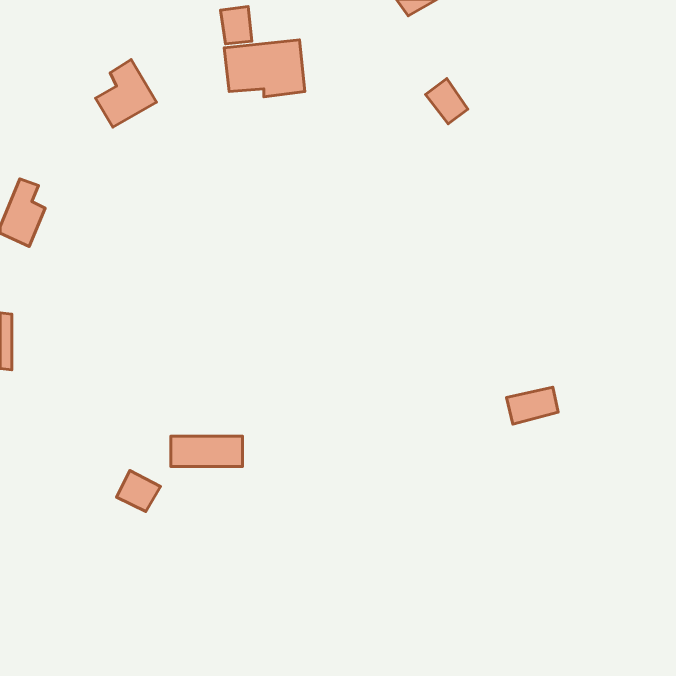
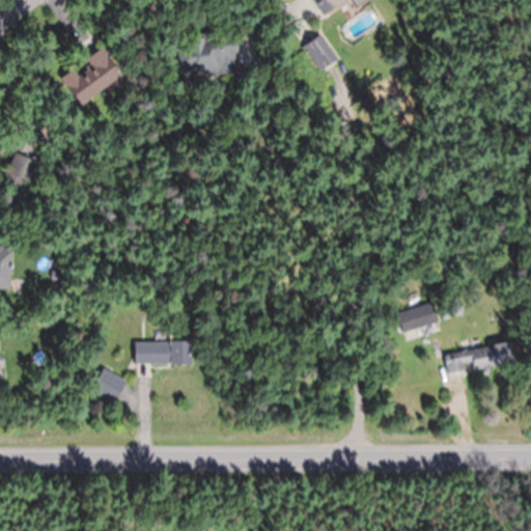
building: [220,6,252,44] -> none
building: [426,79,468,124] -> [303,34,336,69]
building: none -> [445,343,511,373]

